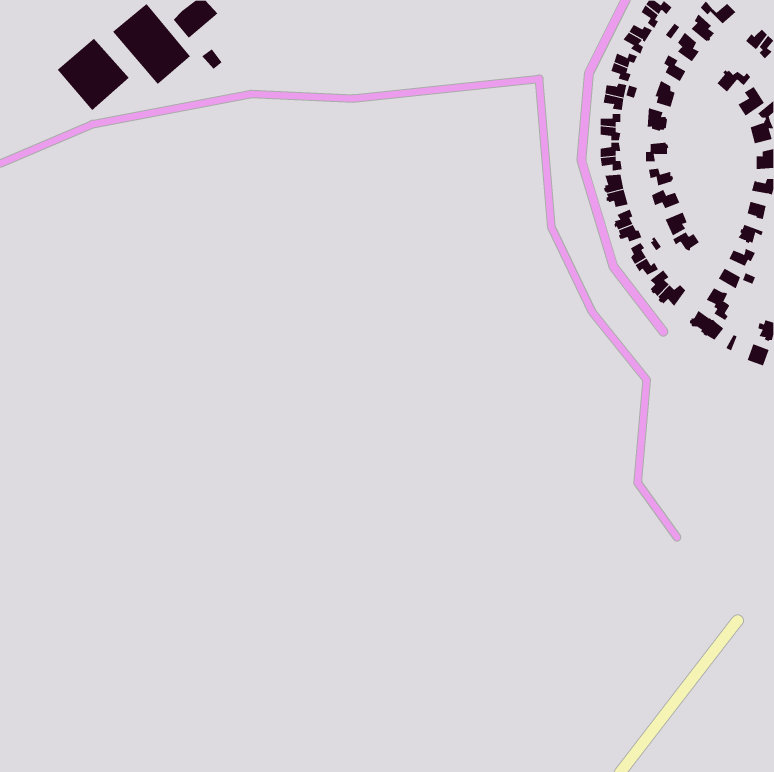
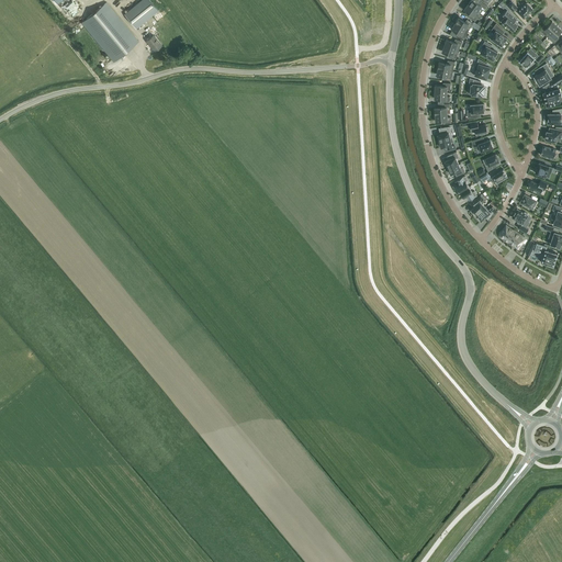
building: [57,38,130,111] -> none

